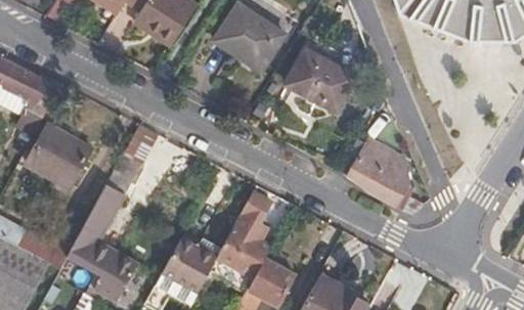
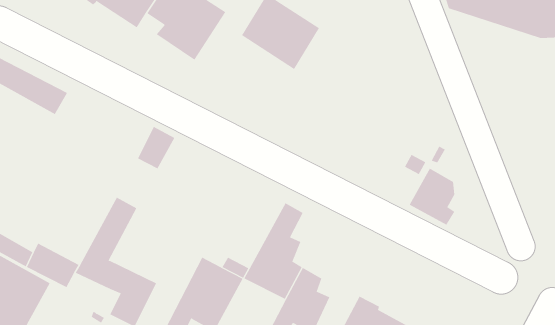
building: [289,51,356,112] -> none
building: [29,126,93,188] -> none
building: [104,149,141,193] -> none

